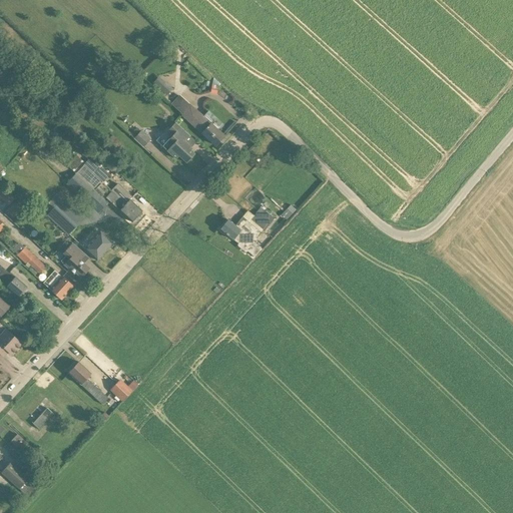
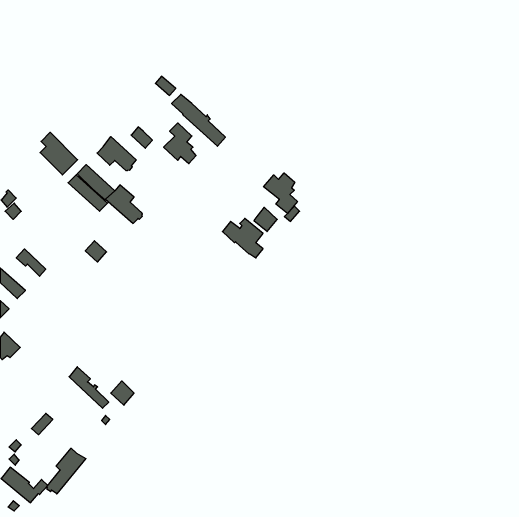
building: none -> [97,137,136,171]
building: none -> [264,173,297,213]
building: [48,191,85,233] -> [40,132,78,175]
building: [61,241,88,276] -> none
building: [43,270,72,299] -> none
building: none -> [47,448,86,494]

